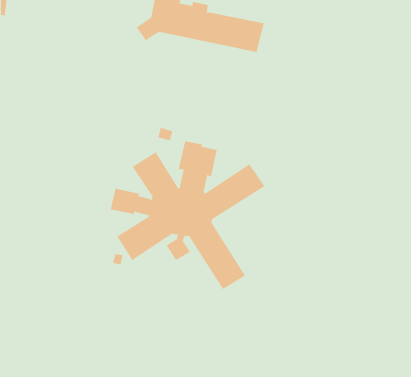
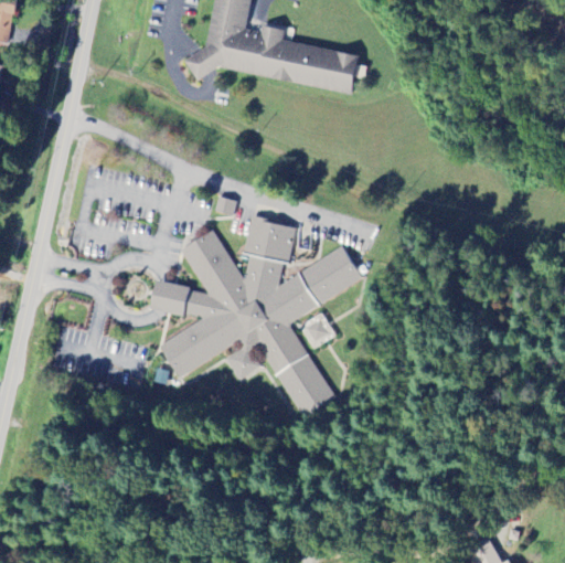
building: none -> [298,312,335,350]

